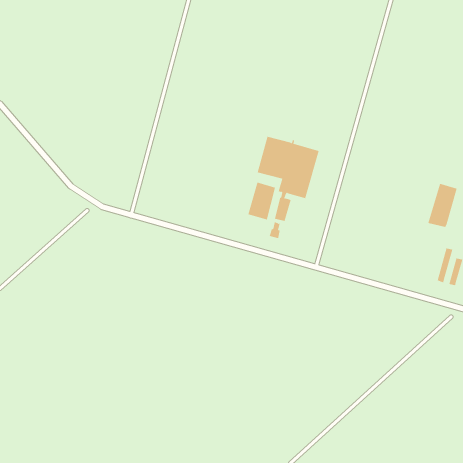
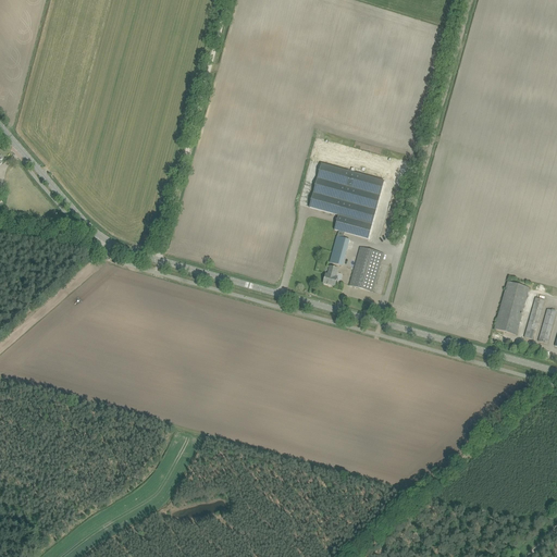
building: [248,182,276,220] -> [348,246,382,292]
building: [428,183,458,228] -> [493,281,529,334]

